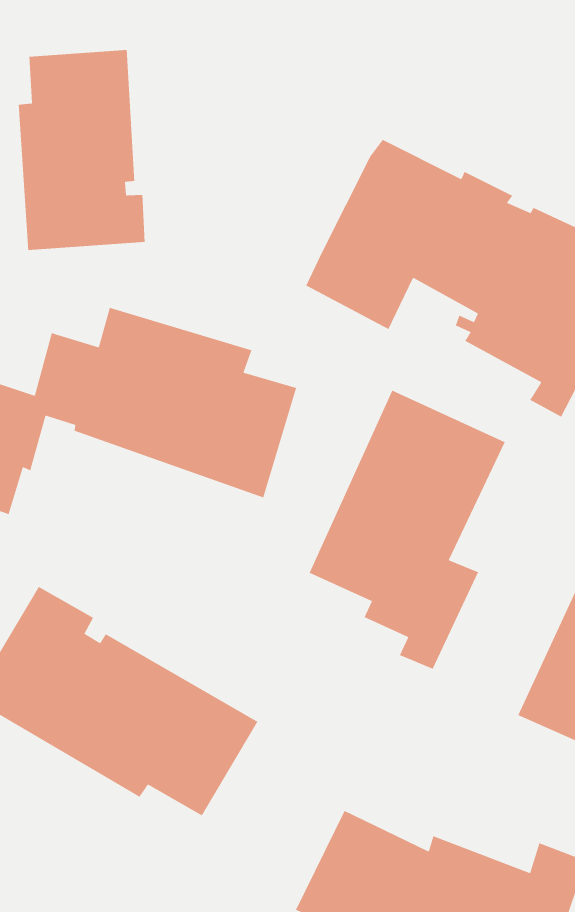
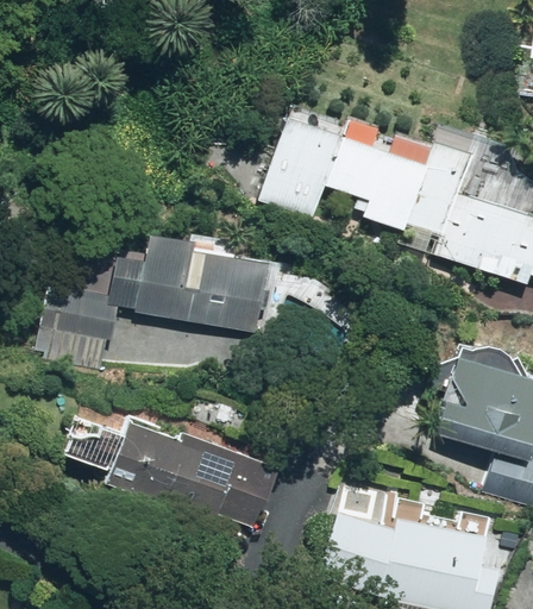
building: [18,49,146,251] -> none
building: [309,389,506,670] -> none

